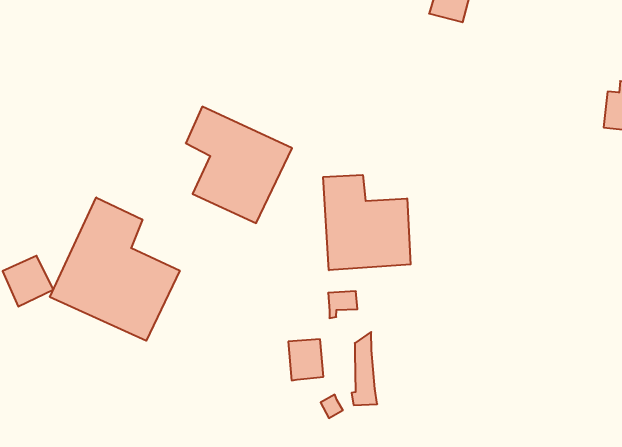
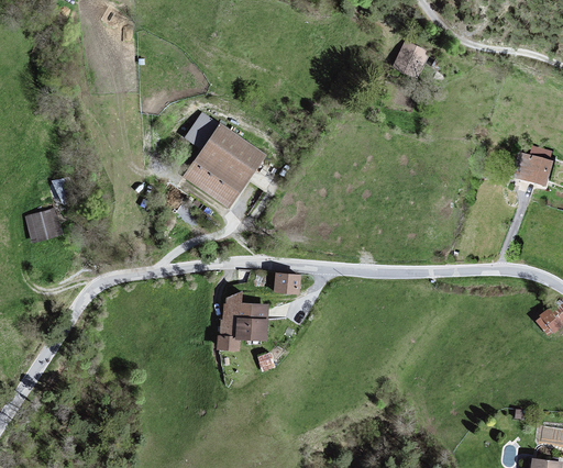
building: [323,175,411,270] -> none
building: [50,197,180,341] -> none
building: [352,332,377,405] -> [219,291,242,348]

